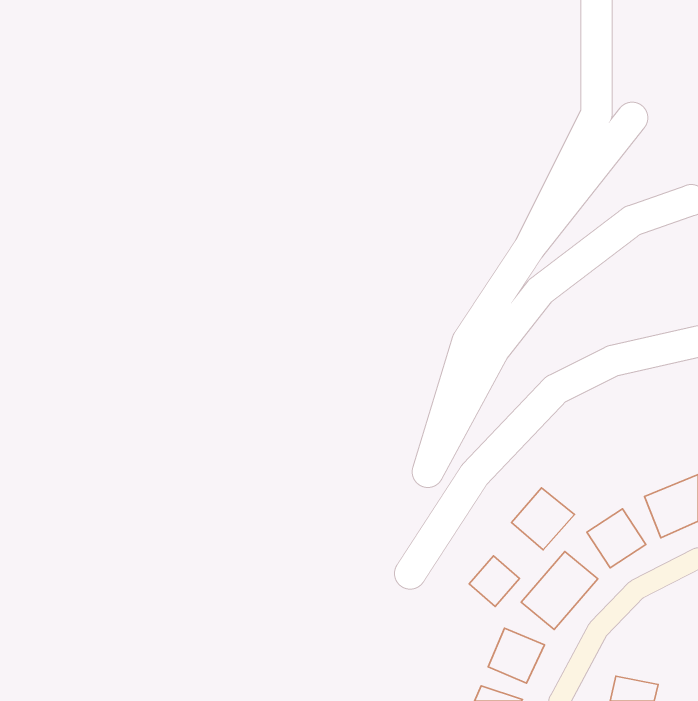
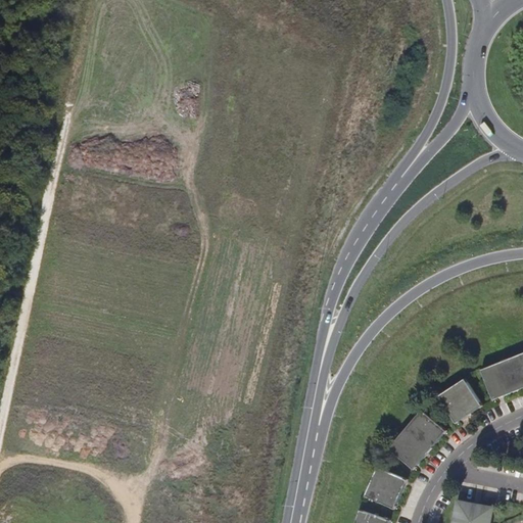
building: [512,488,574,550] -> none
building: [469,556,520,607] -> none

